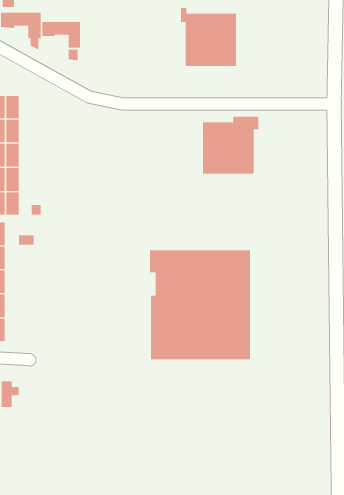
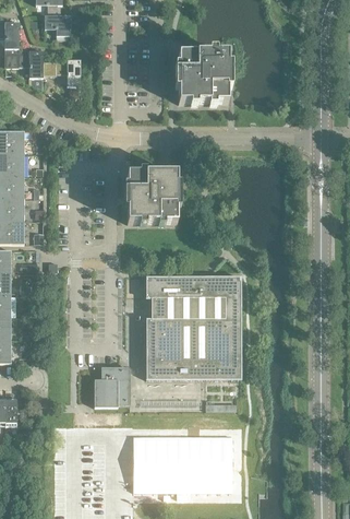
building: [202,116,259,174] -> [128,167,181,222]
building: none -> [94,366,130,406]
building: none -> [133,435,231,498]

